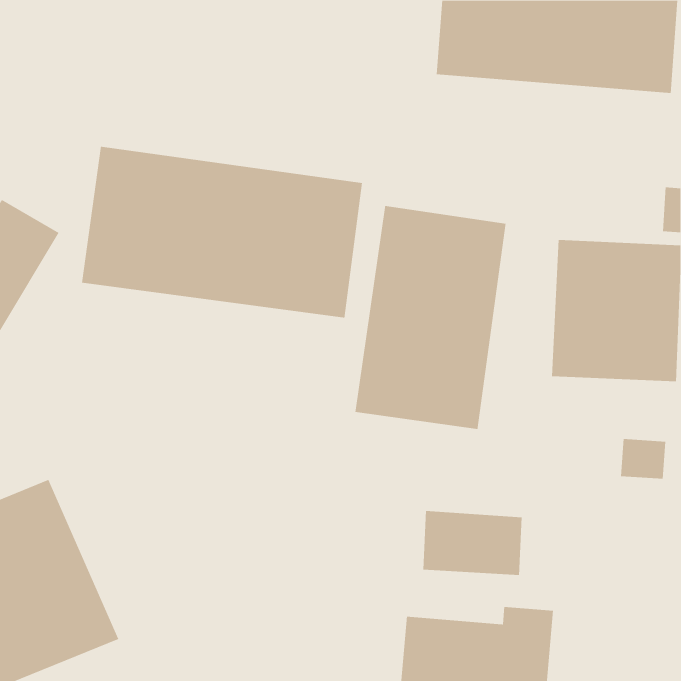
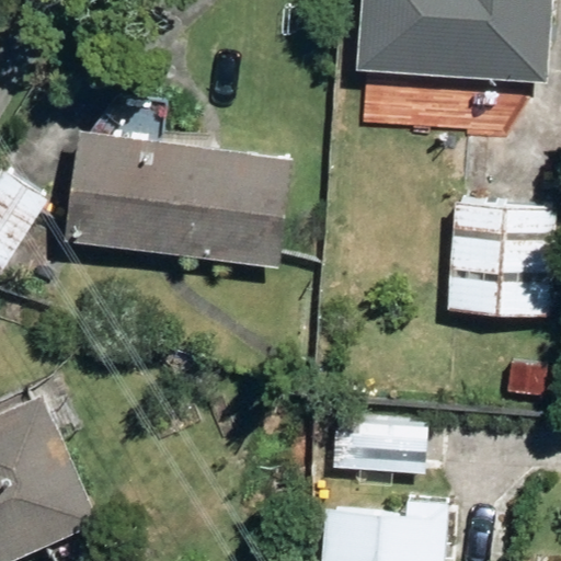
building: [355,205,506,430] -> none

